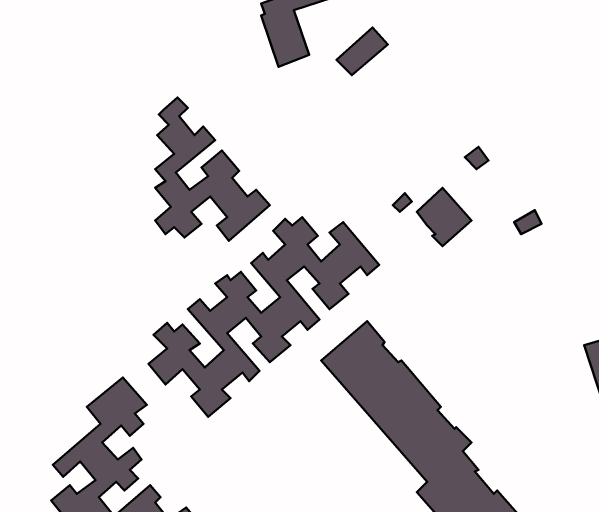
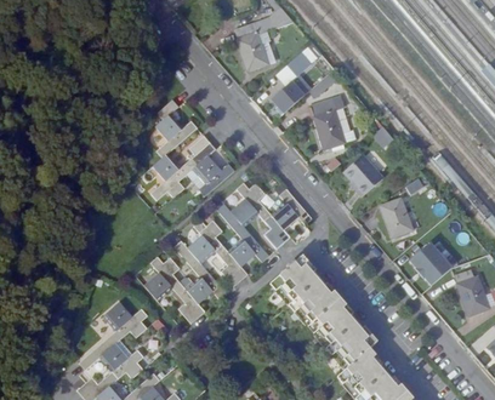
building: none -> [268,82,305,118]
building: none -> [305,93,354,153]
building: none -> [380,204,414,242]
building: none -> [415,246,457,288]

